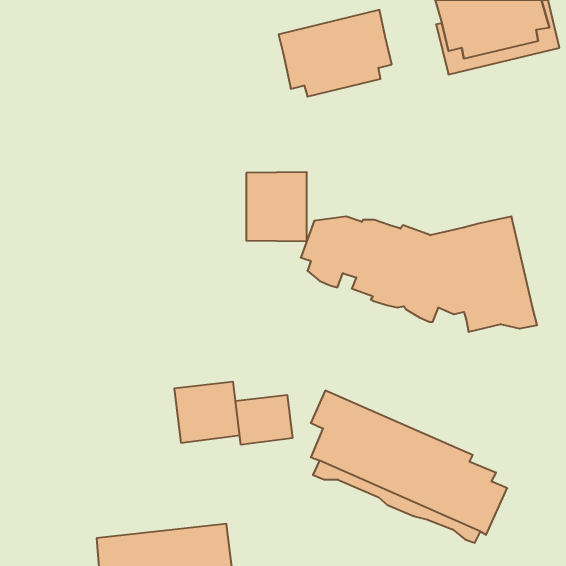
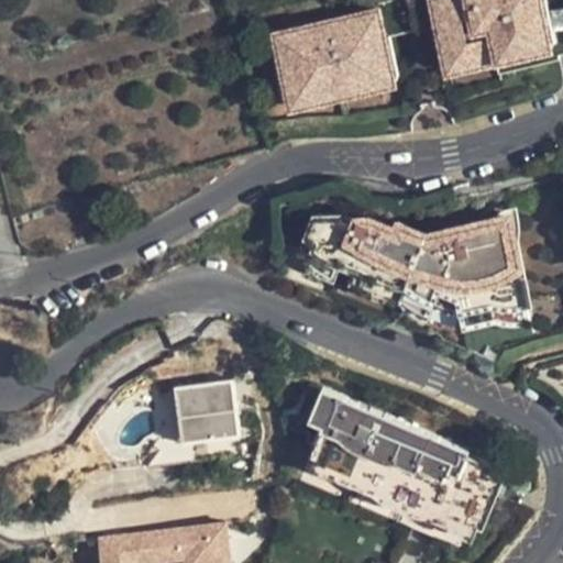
building: none -> [275,35,399,111]
building: [246,172,307,241] -> none
building: [236,395,292,445] -> none

